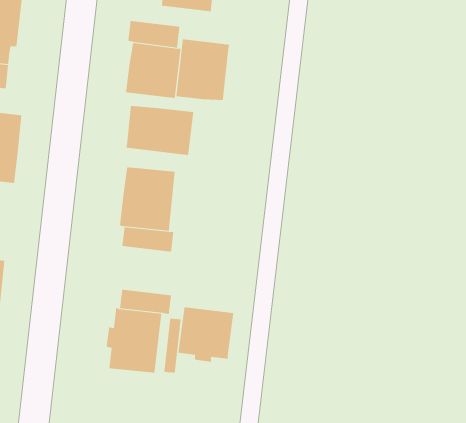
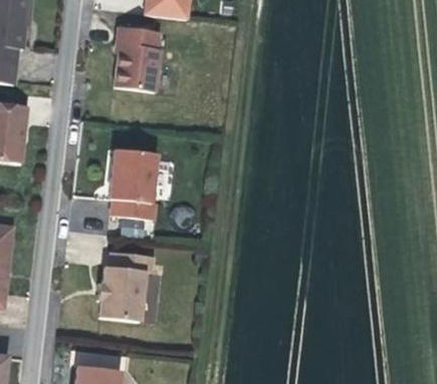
building: [176,38,230,101] -> none
building: [125,105,194,156] -> none
building: [178,307,234,362] -> none

